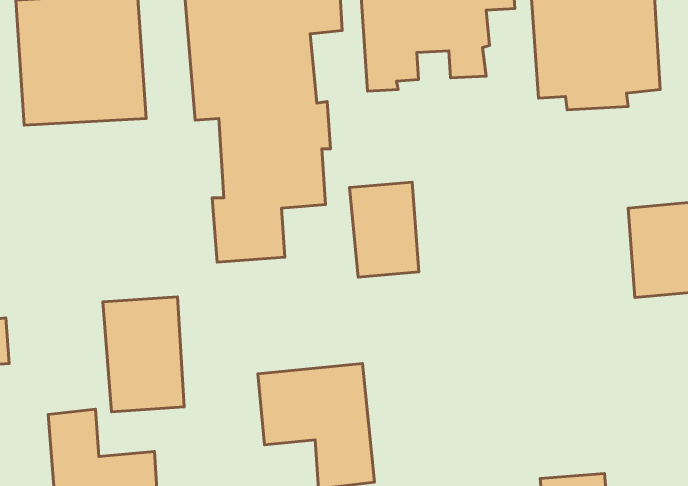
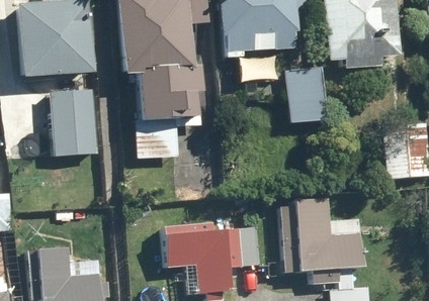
building: [350,182,419,277] -> [286,66,328,122]
building: [103,297,184,412] -> [47,88,95,157]
building: none -> [280,195,382,283]

